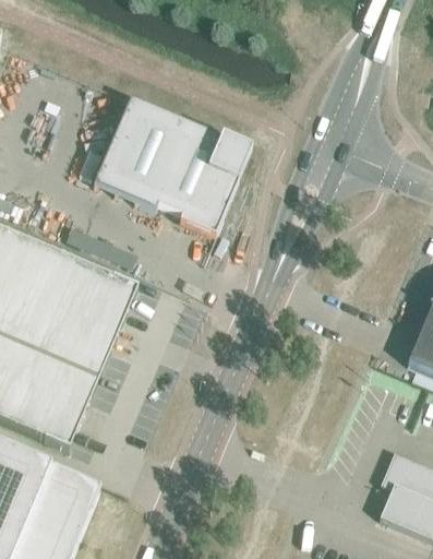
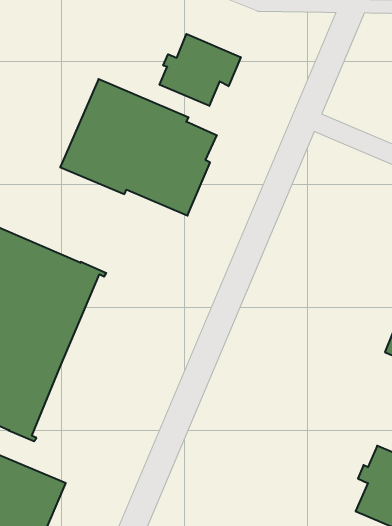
building: none -> [160,34,241,106]

